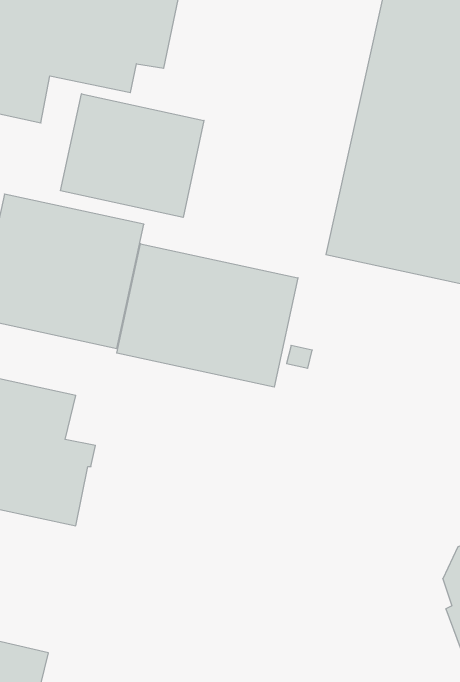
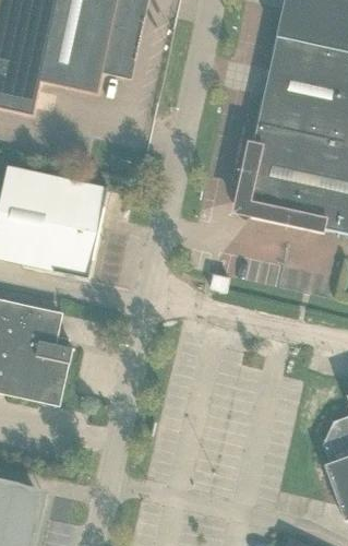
building: [61,94,204,217] -> none
building: [117,244,298,387] -> none

